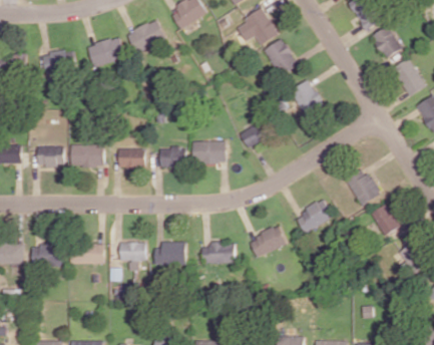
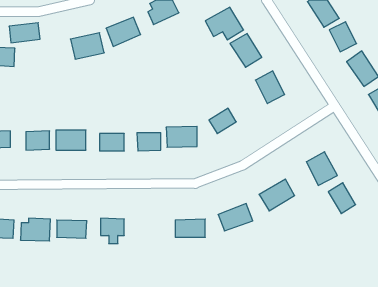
building: [41,49,75,71] -> [9,23,40,43]
building: [153,242,185,266] -> none

